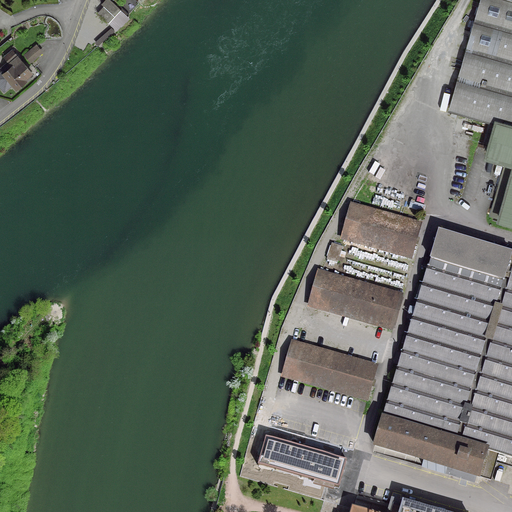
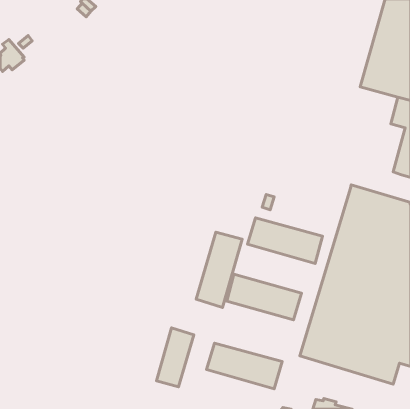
building: [342,203,420,256] -> none
building: none -> [196,232,242,307]
building: none -> [156,328,194,387]

